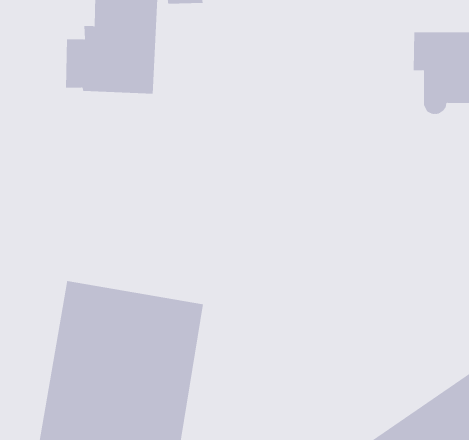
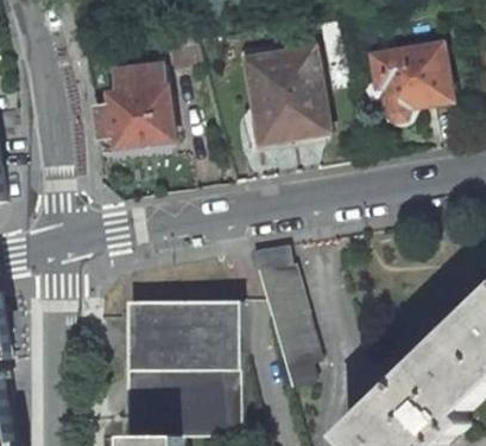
building: none -> [246,47,316,140]
building: none -> [250,242,316,383]

